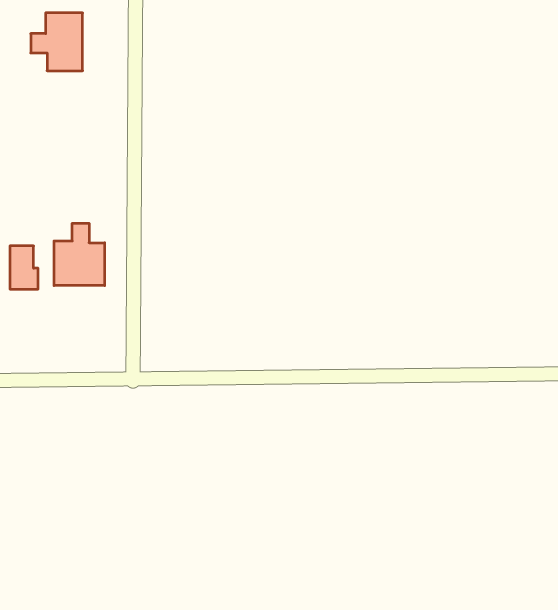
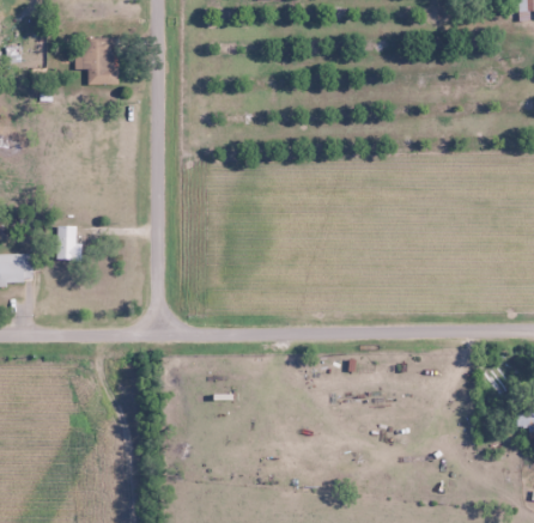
building: [54,223,105,286] -> none

